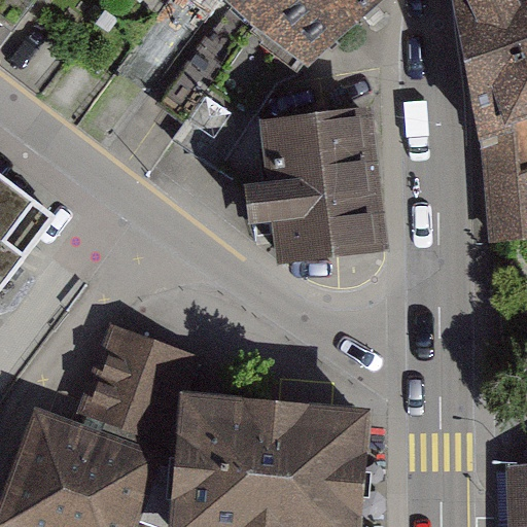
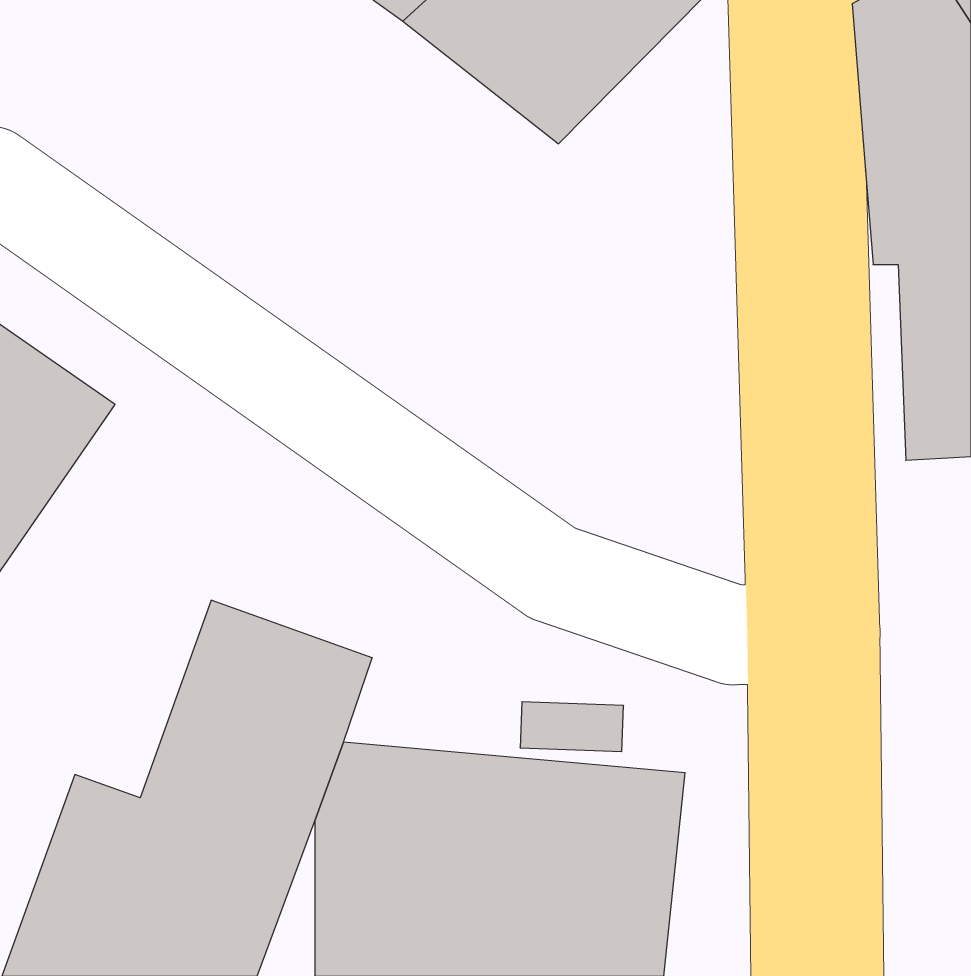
building: [253,113,381,262] -> none

